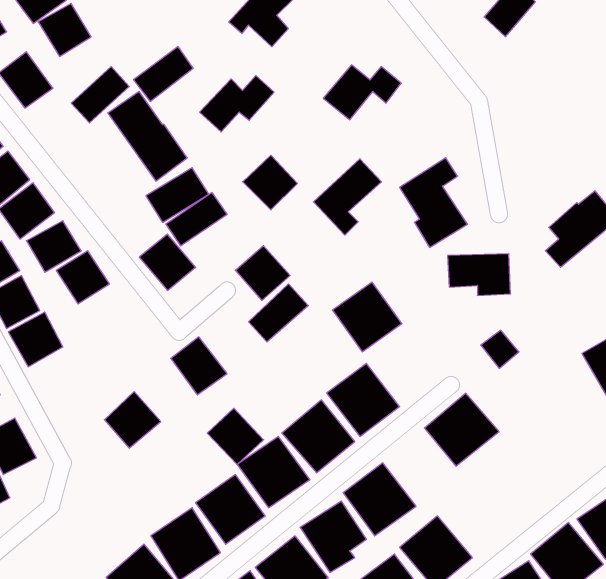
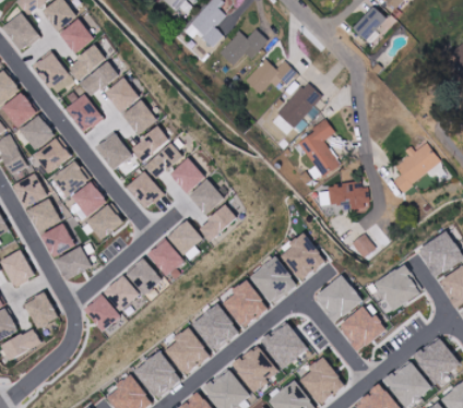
building: [134,47,193,101] -> [67,44,106,80]
building: [200,76,274,132] -> [219,28,269,65]
building: none -> [66,94,102,131]
building: [243,155,297,210] -> [169,157,205,193]
building: [313,159,381,235] -> [278,82,323,132]
building: none -> [95,131,132,170]
building: [332,282,402,352] -> [278,233,324,279]
building: none -> [85,204,122,239]
building: none -> [166,219,202,255]
building: none -> [55,245,92,280]
building: none -> [372,265,420,312]
building: [207,408,264,465] -> [124,257,162,295]
building: none -> [83,293,120,332]
building: none -> [337,305,385,352]

